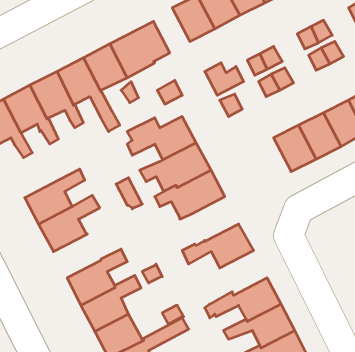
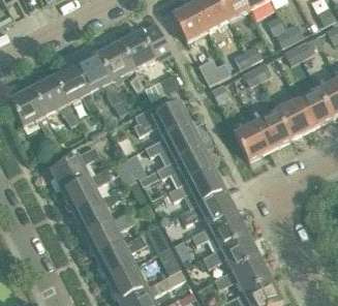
building: none -> [234,120,270,159]
building: none -> [168,169,226,209]
building: none -> [73,189,121,236]
building: none -> [191,213,250,250]

